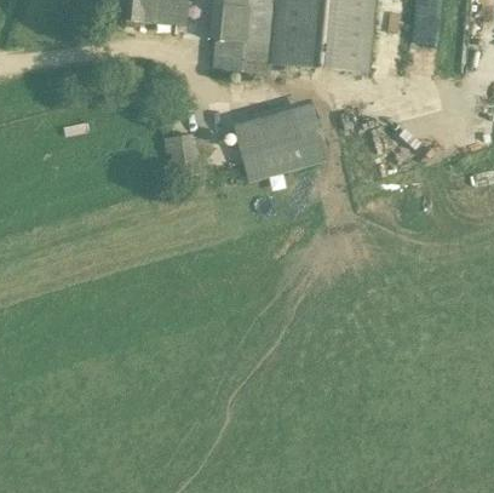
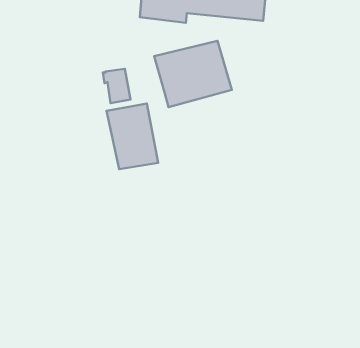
building: none -> [107,104,158,169]

